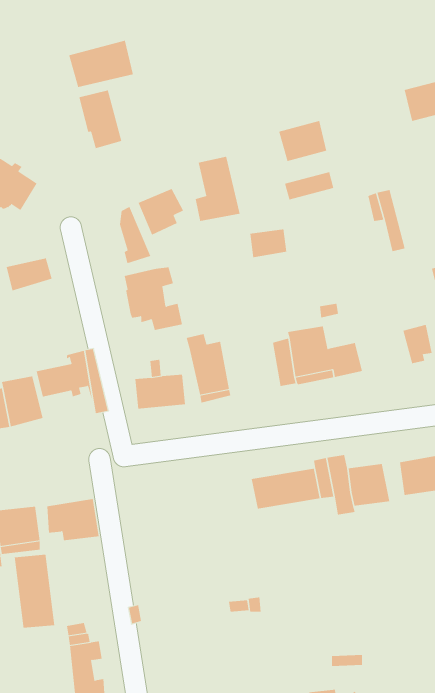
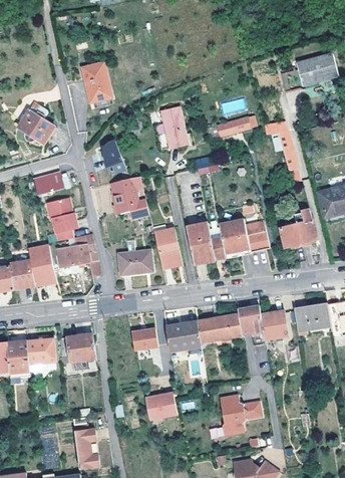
building: [69,40,133,88] -> none
building: [278,120,327,162] -> none
building: [138,188,184,236] -> none
building: none -> [48,197,79,241]
building: none -> [279,222,302,247]
building: none -> [187,223,215,263]
building: none -> [164,320,202,355]
building: none -> [131,326,157,349]
building: [14,554,55,629] -> none
building: none -> [145,394,178,419]
building: none -> [221,395,263,435]

